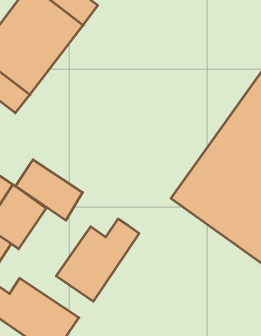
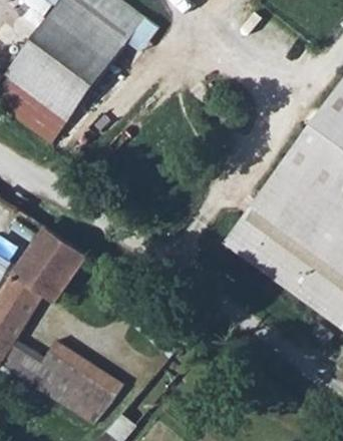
building: [15,160,83,220] -> none
building: [56,219,139,301] -> none

